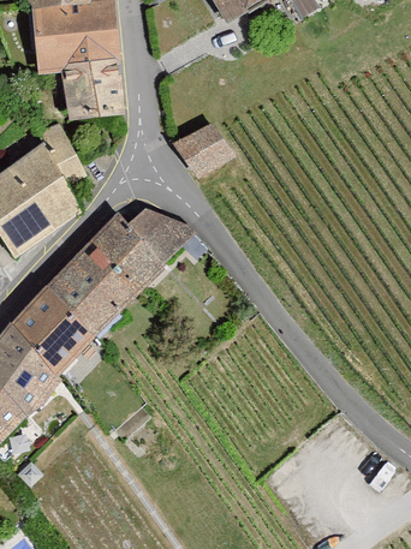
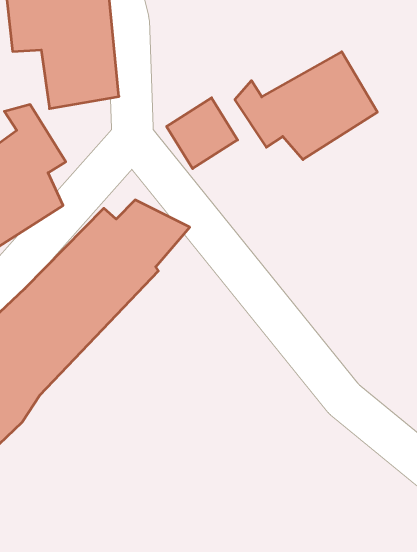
building: none -> [235,52,377,160]

